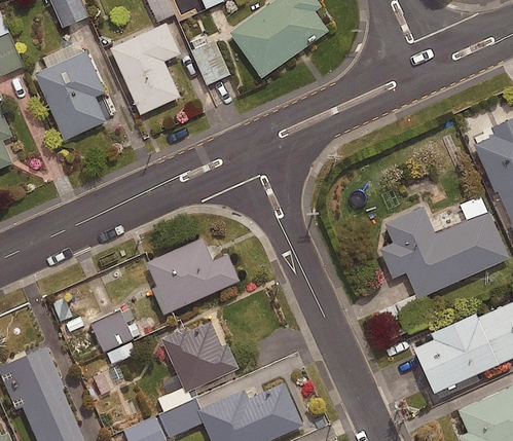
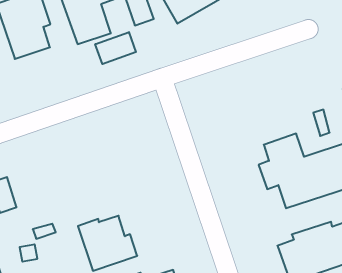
building: none -> [95,32,136,64]
building: [146,241,240,316] -> none
building: [90,308,130,347] -> none

